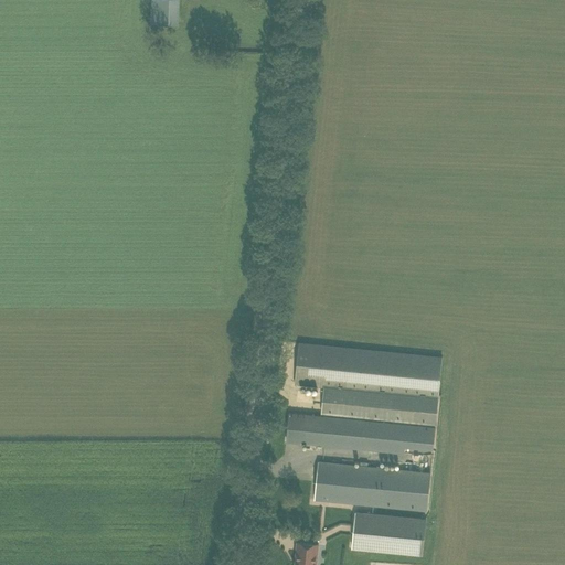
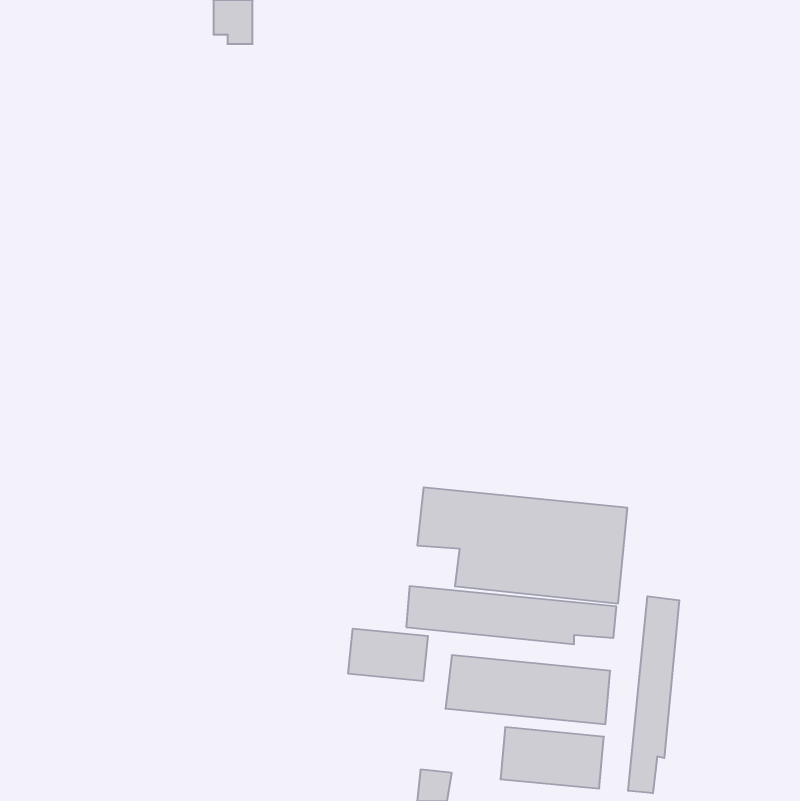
building: none -> [628,596,679,793]
building: none -> [348,629,428,681]

